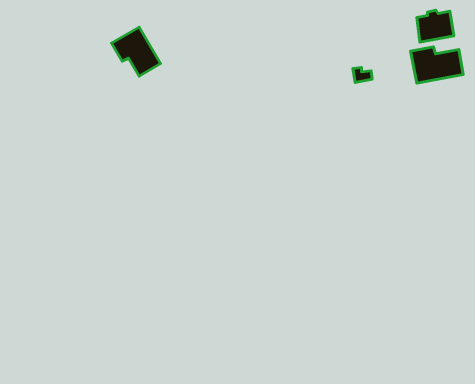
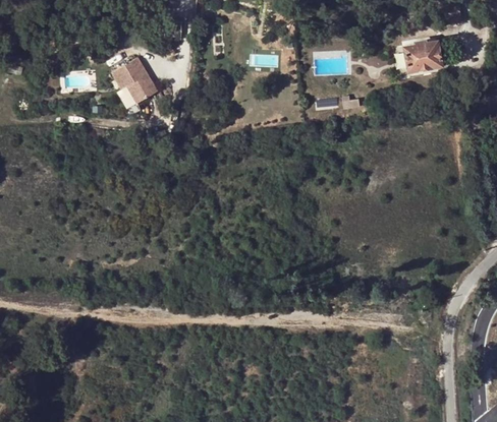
building: [411,47,463,83] -> none

